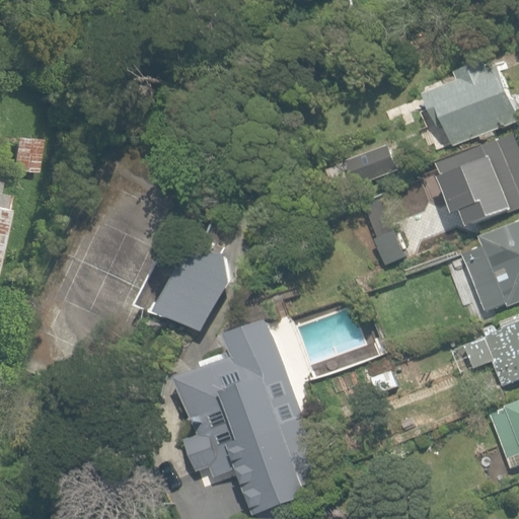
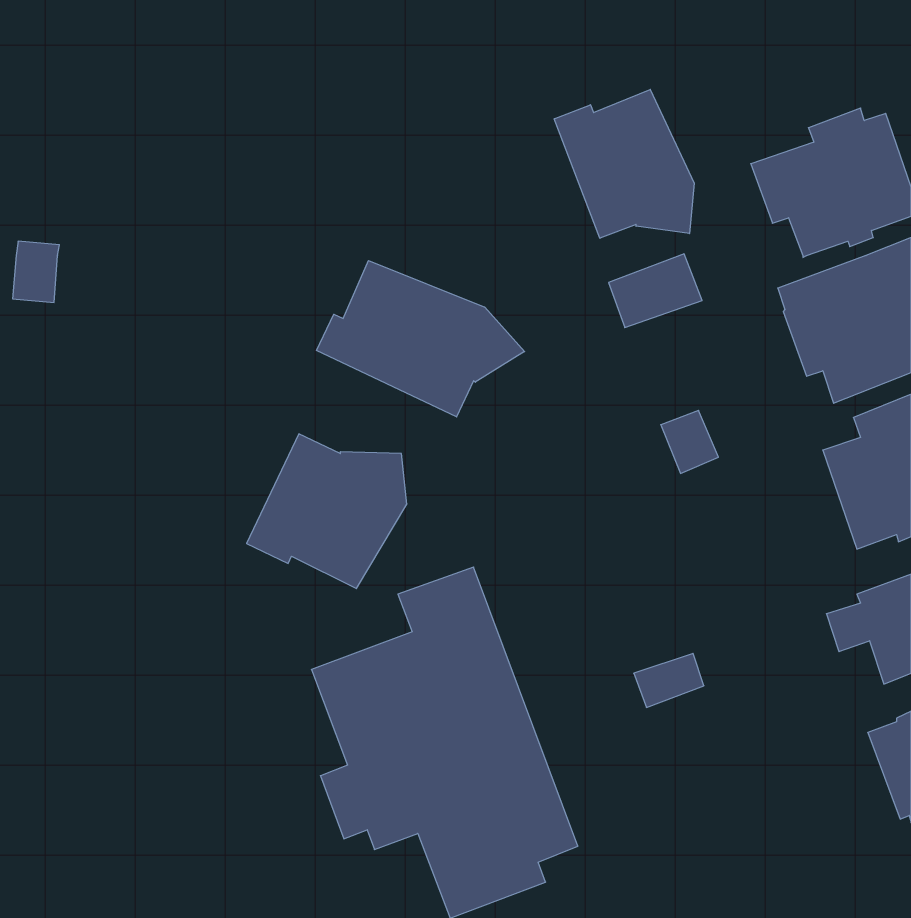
building: none -> [554,89,694,238]
building: none -> [317,261,525,417]

